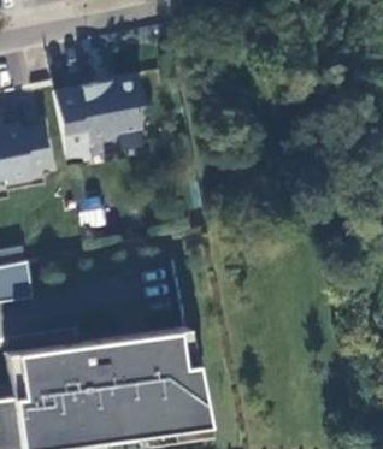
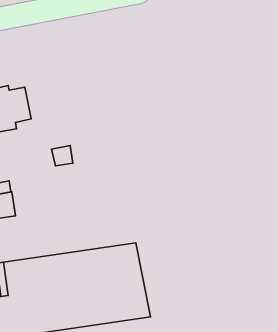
building: [55,75,143,165] -> none

